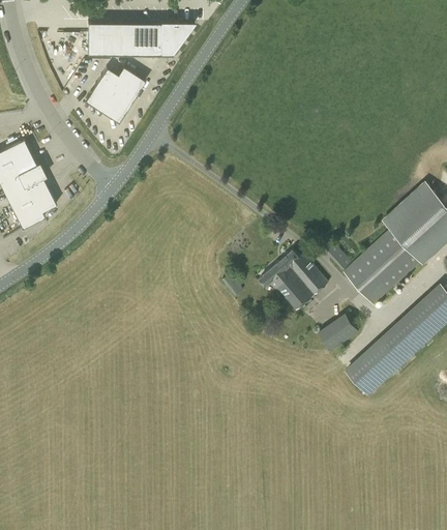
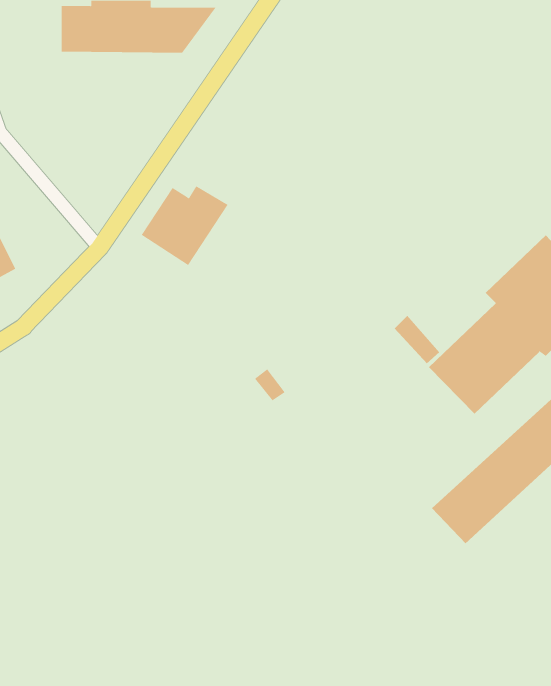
building: [85,67,146,123] -> [141,186,229,266]
building: [261,251,329,312] -> none
building: [319,313,360,352] -> none

